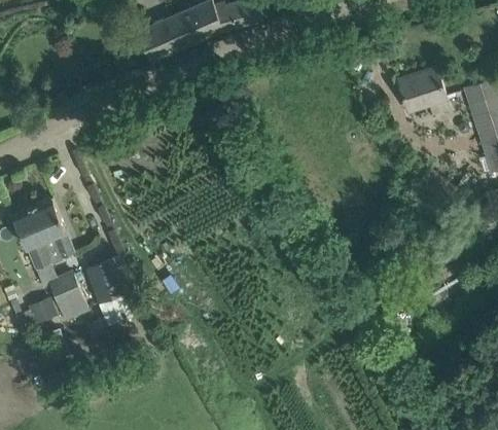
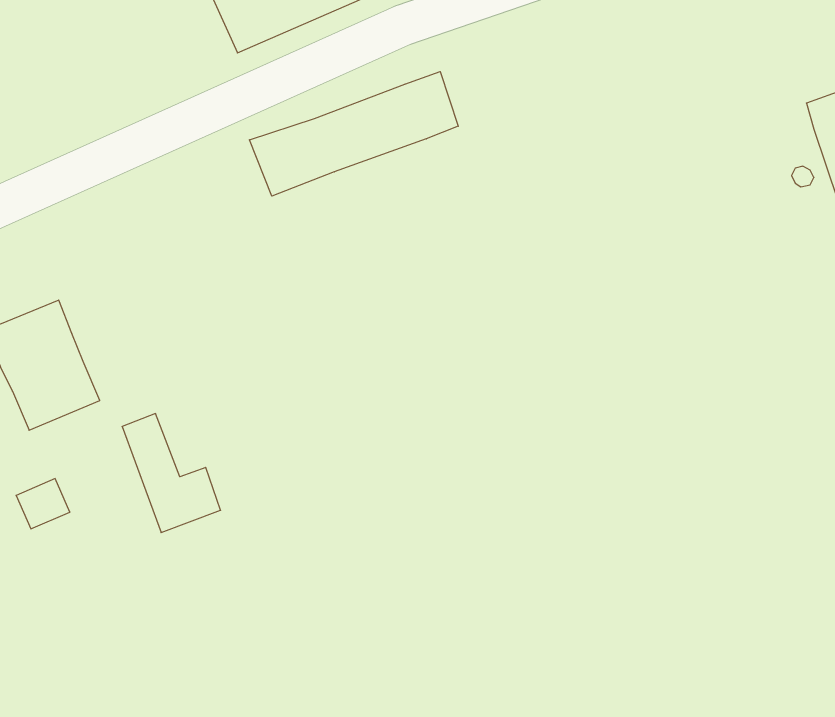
building: [396,68,446,111] -> none
building: none -> [249,72,458,196]
building: [47,270,87,321] -> none

